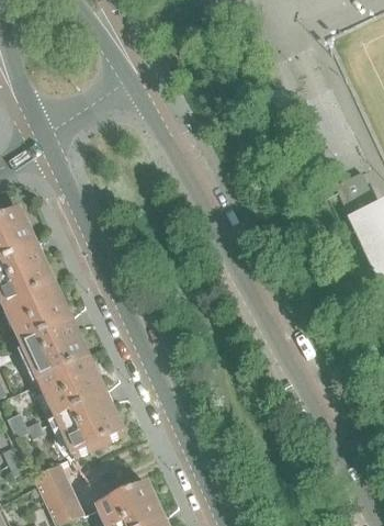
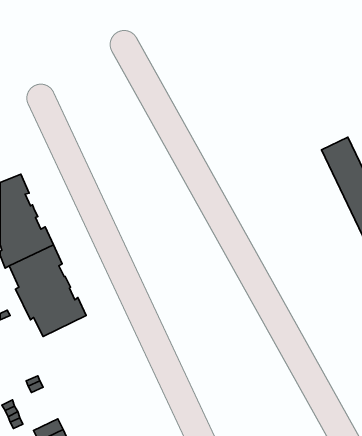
building: [45,358,125,455] -> none

